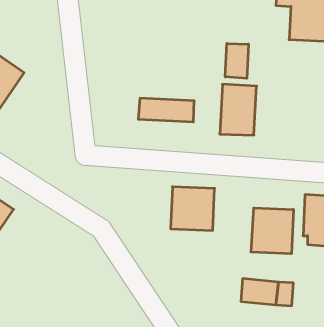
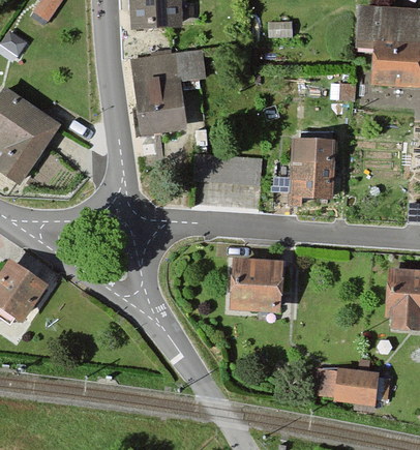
building: none -> [133,53,204,131]
building: [225,43,248,78] -> none
building: [251,208,293,254] -> none

